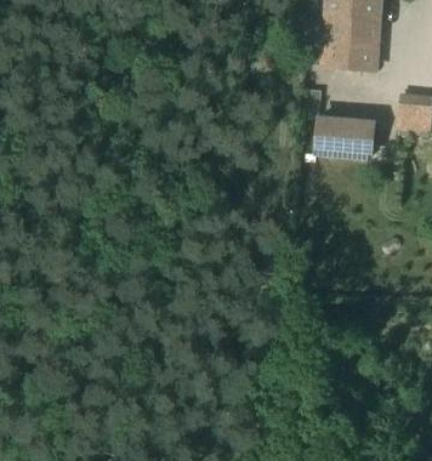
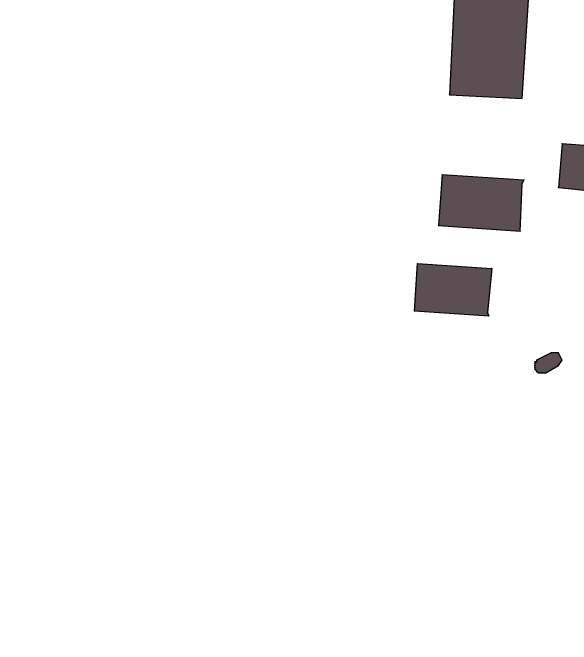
building: none -> [414,264,492,316]

